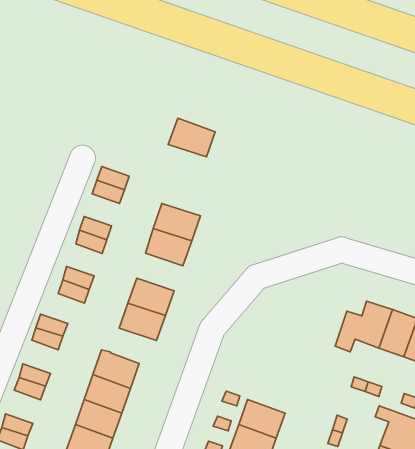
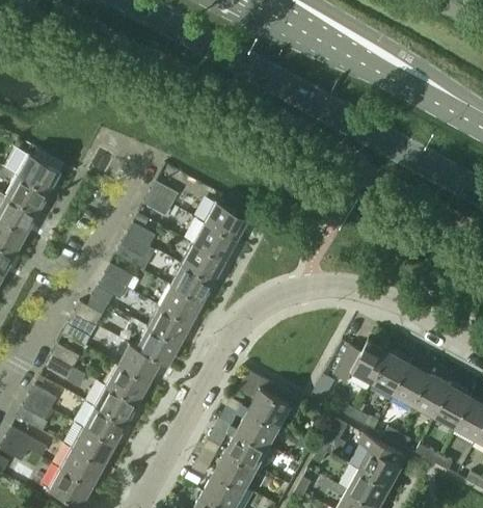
building: [168,118,215,157] -> [203,202,246,240]
building: none -> [169,265,212,302]
building: none -> [135,327,178,366]
building: none -> [239,371,293,427]

